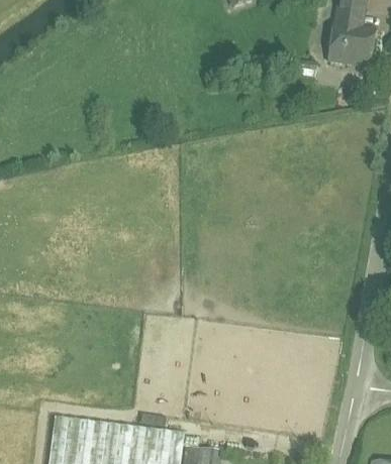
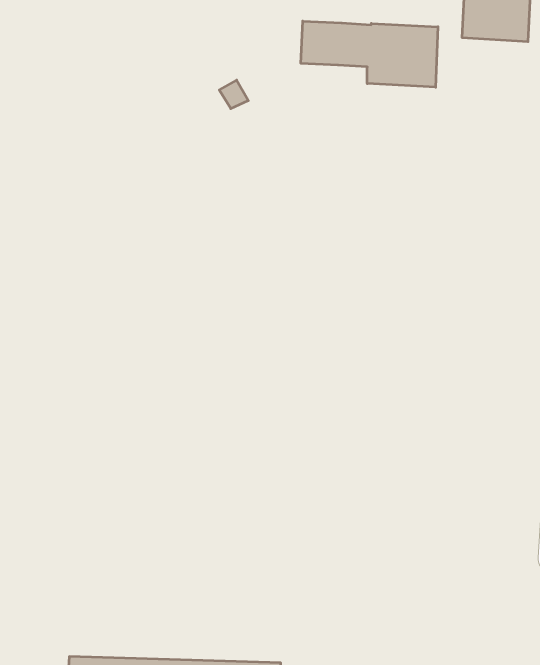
building: none -> [301,21,438,87]

